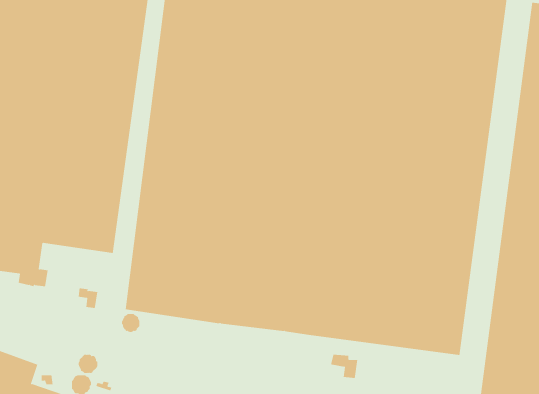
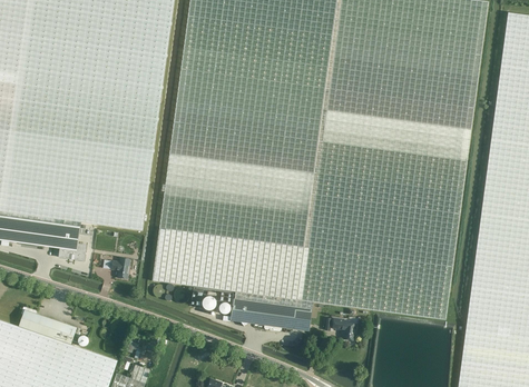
building: none -> [231,291,313,330]

